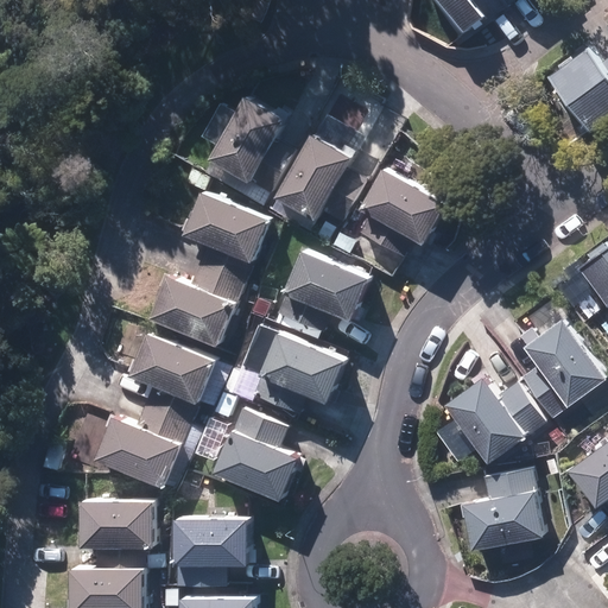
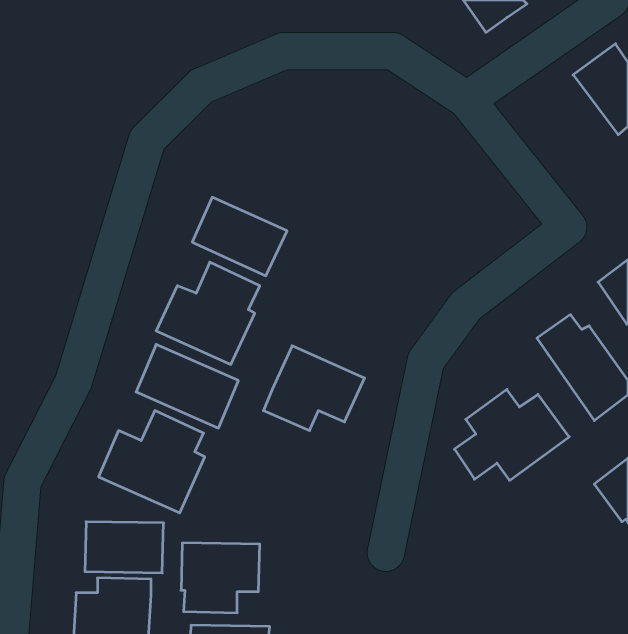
building: [208,97,291,180] -> none
building: [273,137,363,223] -> none
building: [357,170,446,256] -> none
building: [272,249,369,341] -> none
building: [211,410,294,500] -> none
building: [458,467,542,547] -> none

